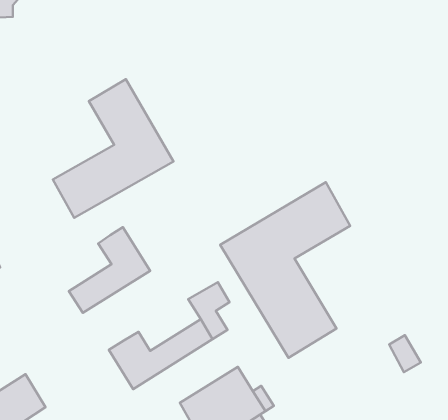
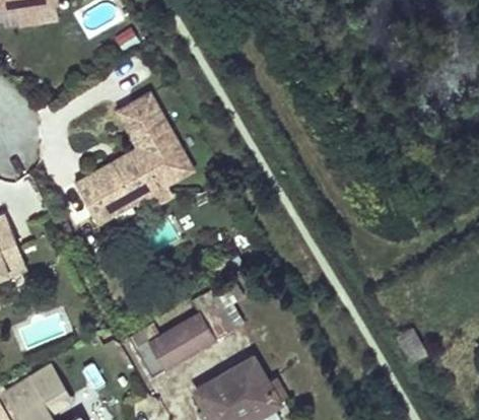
building: [220,182,350,358] -> none
building: [69,227,150,313] -> none

